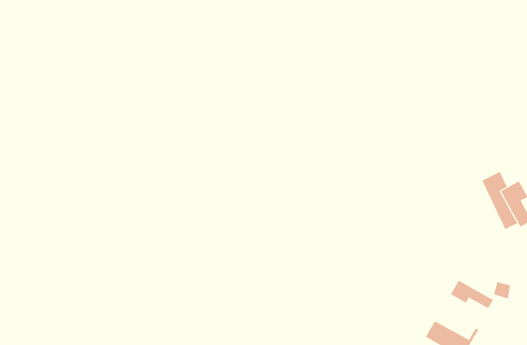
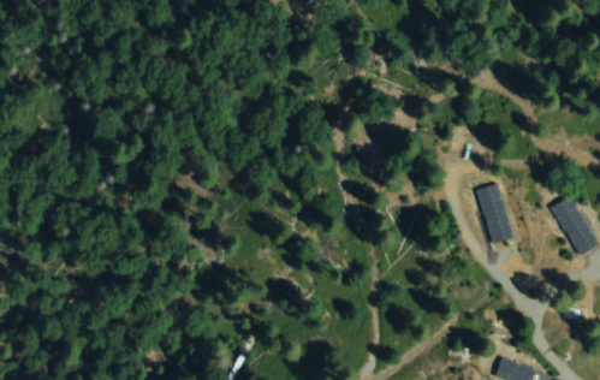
building: none -> [475,185,515,245]
building: [450,280,494,309] -> none

